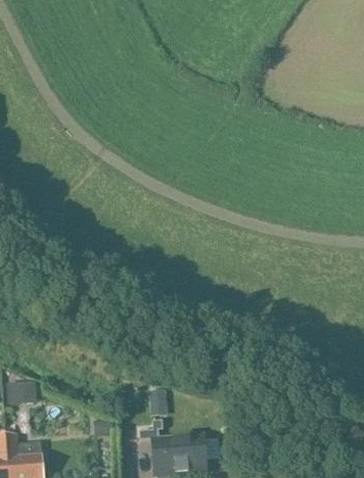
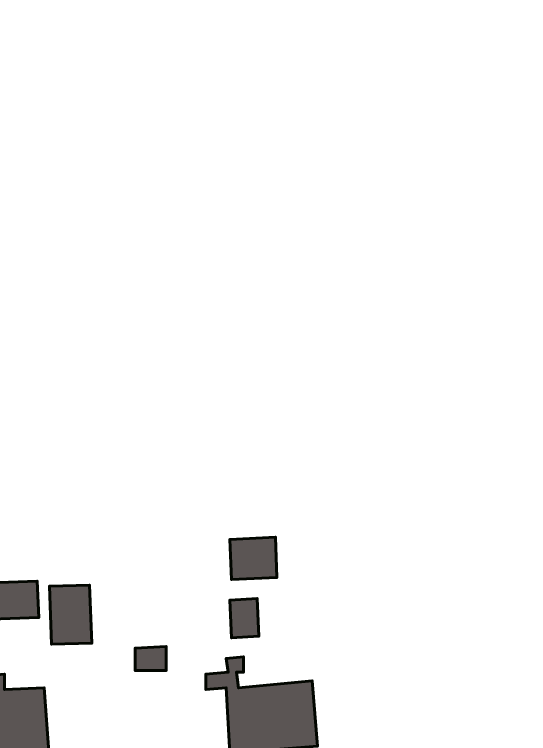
building: none -> [230,537,277,579]
building: none -> [49,585,92,644]

